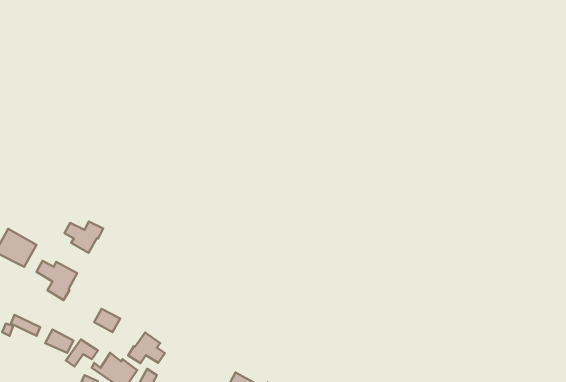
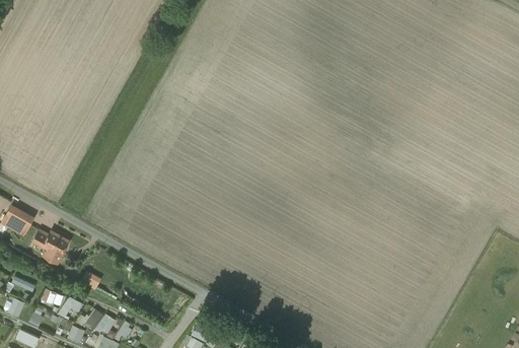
building: [65,222,103,253] -> none
building: [128,332,165,363] -> none

